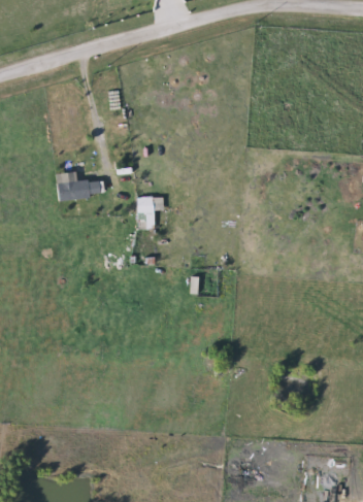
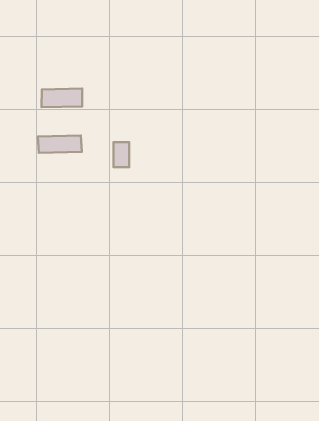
building: none -> [42,89,82,107]

